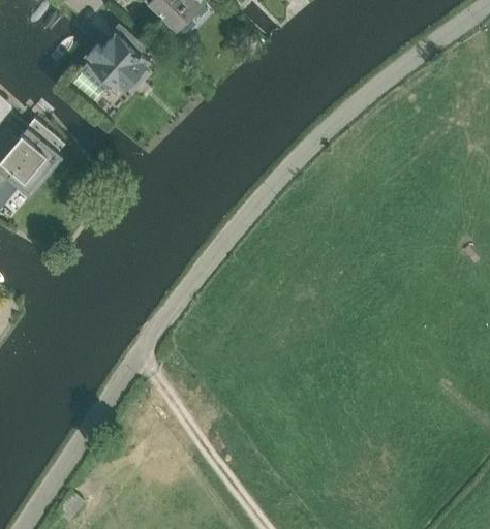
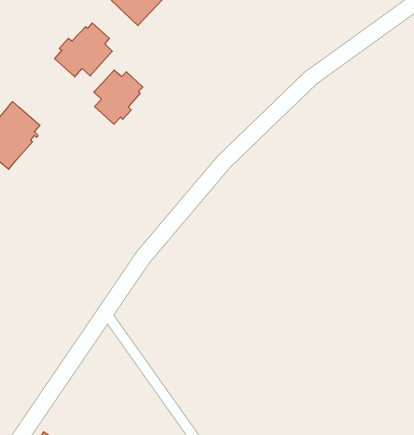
building: none -> [94,70,143,124]

